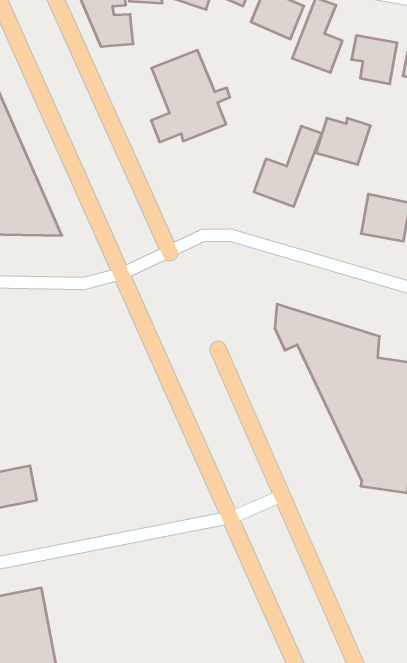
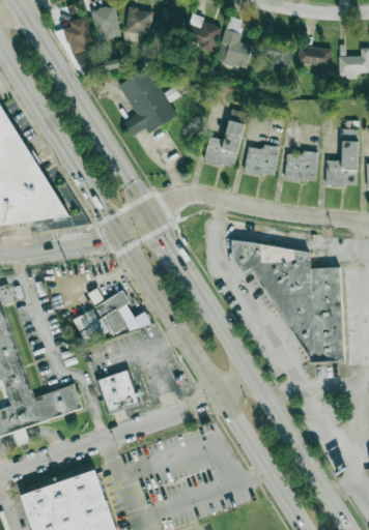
building: [316,118,371,165] -> [244,146,280,178]
building: none -> [74,293,151,345]
building: none -> [95,366,140,412]

